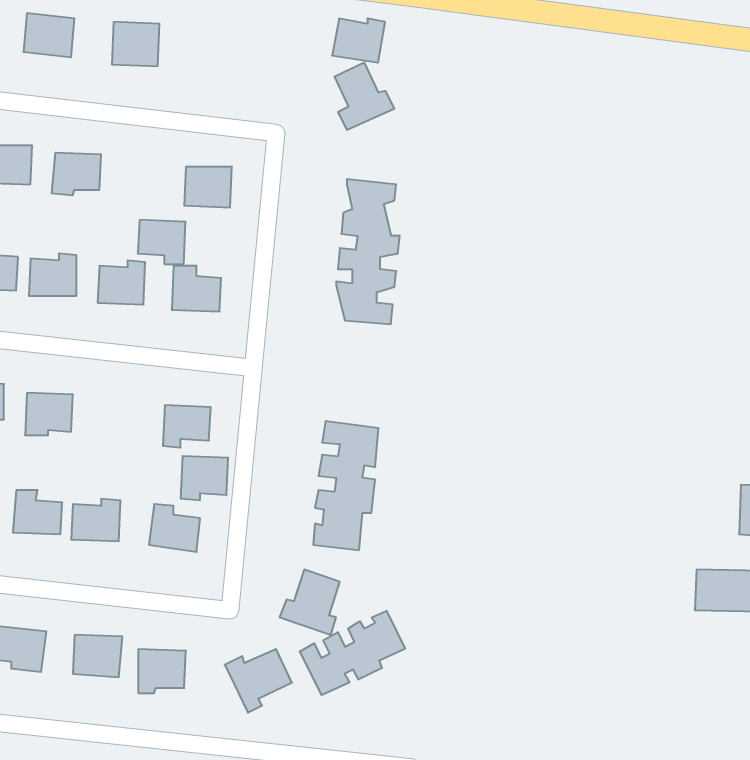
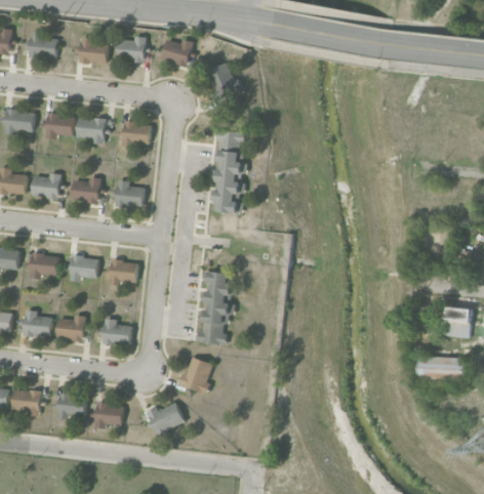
building: none -> [116,36,147,63]
building: [332,18,385,63] -> [161,40,192,66]
building: [138,220,186,264] -> [76,118,104,143]
building: [181,456,228,500] -> [69,256,96,282]
building: [300,611,405,695] -> none

